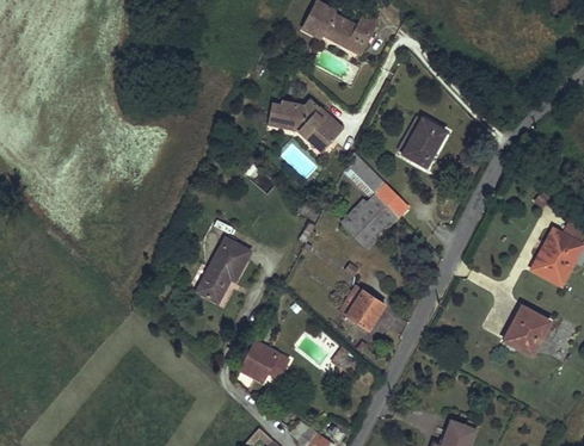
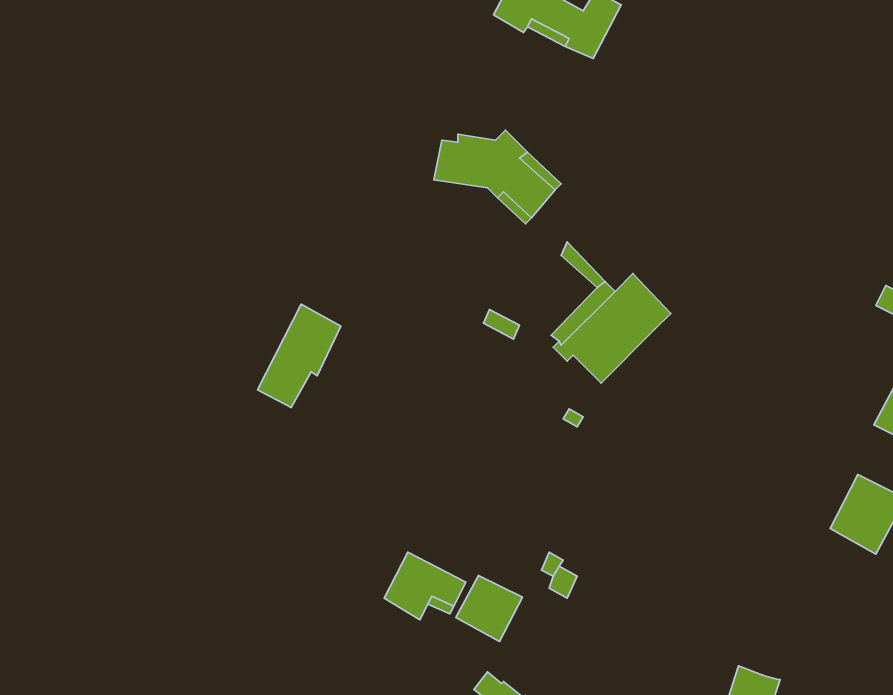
building: [404,118,444,163] -> none
building: [199,239,250,301] -> [257,304,341,408]
building: [338,285,383,328] -> none
building: none -> [456,576,522,641]

